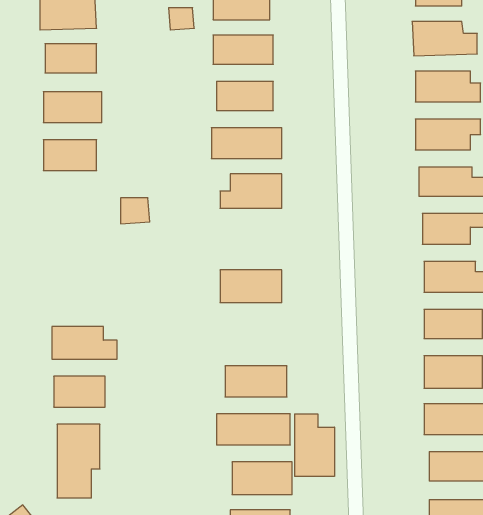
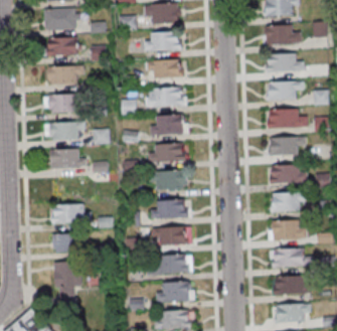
building: none -> [46,122,81,140]
building: none -> [148,144,184,162]
building: none -> [50,149,85,168]
building: none -> [153,200,186,218]
building: [295,414,334,476] -> none

